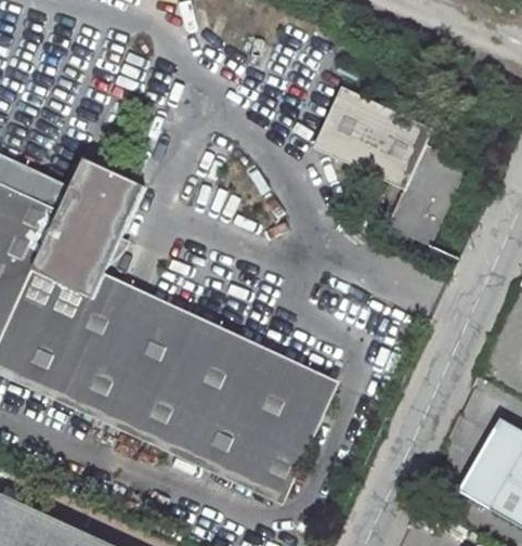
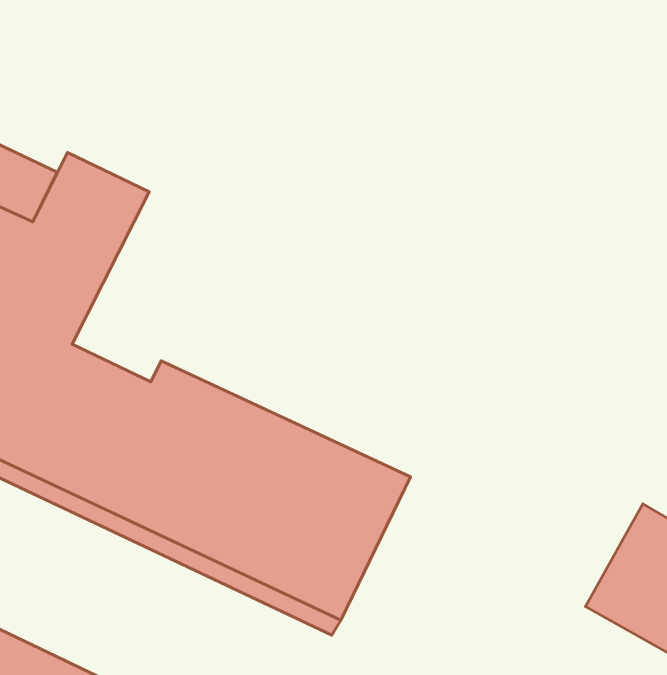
building: [319,92,471,250] -> none
building: [86,263,340,396] -> none

